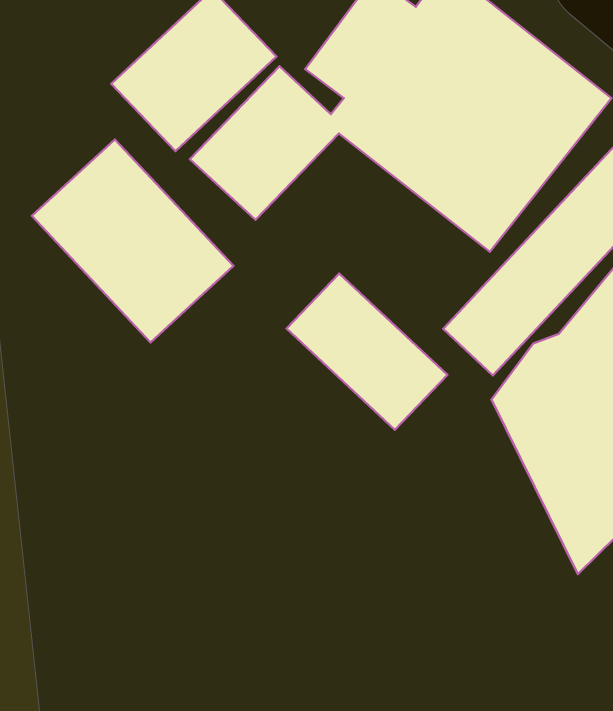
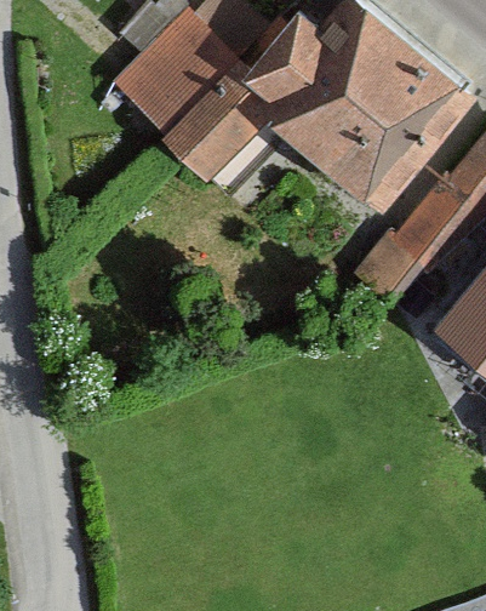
building: [32,139,233,342] -> none
building: [286,273,447,430] -> none

